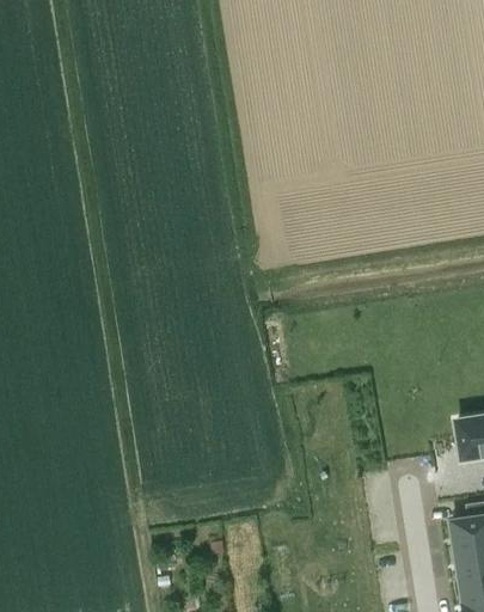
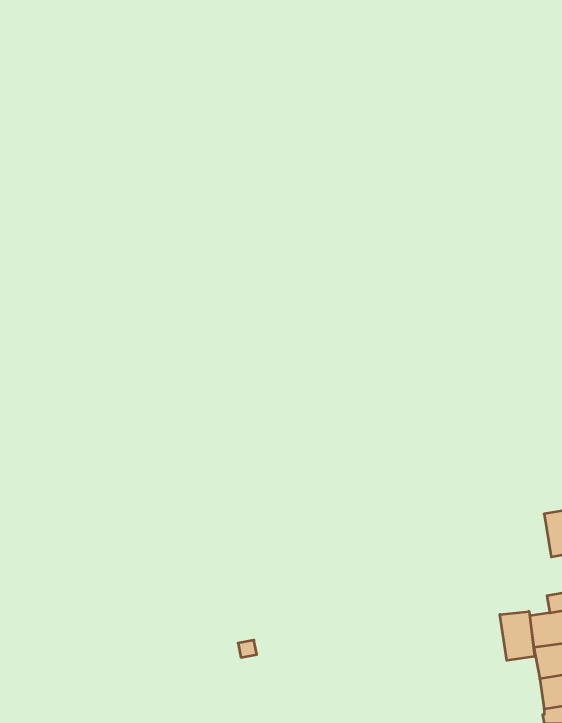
building: none -> [500,611,534,660]

